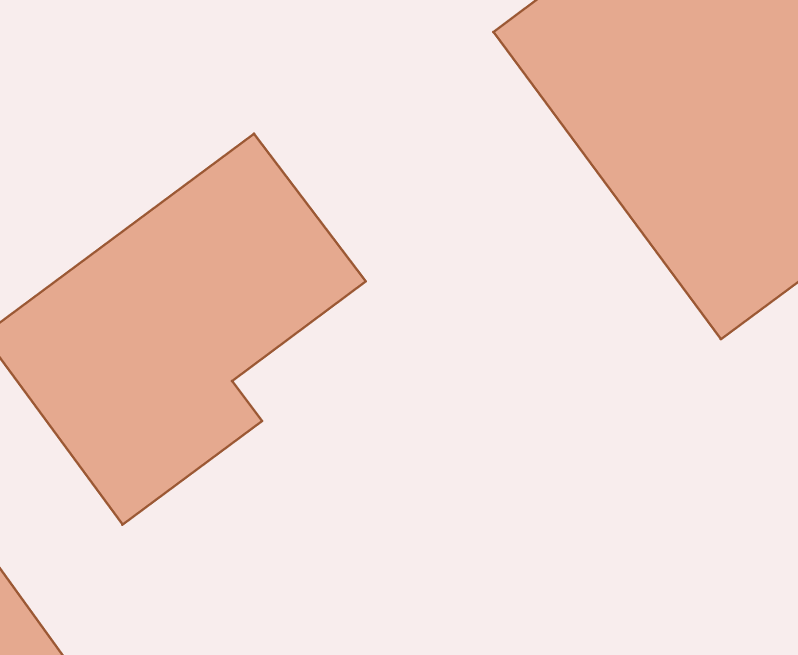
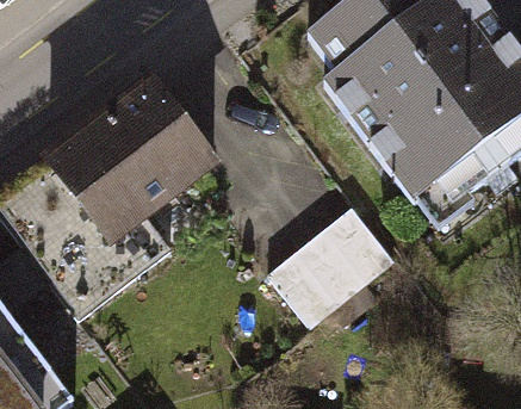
building: none -> [261,203,396,329]

